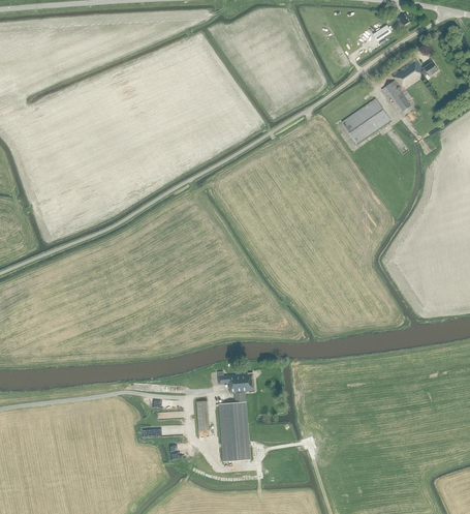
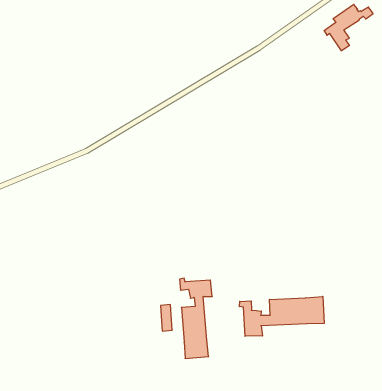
building: [341,98,389,143] -> none
building: none -> [239,296,324,336]

